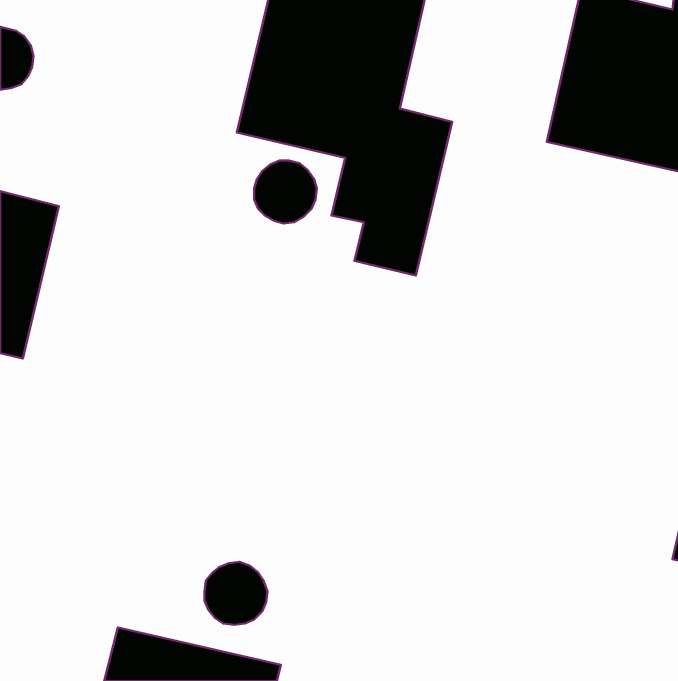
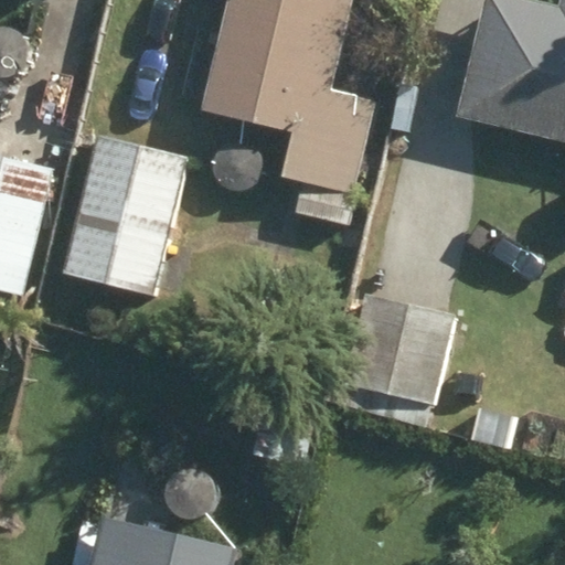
building: none -> [61,136,184,296]
building: none -> [322,292,455,430]

